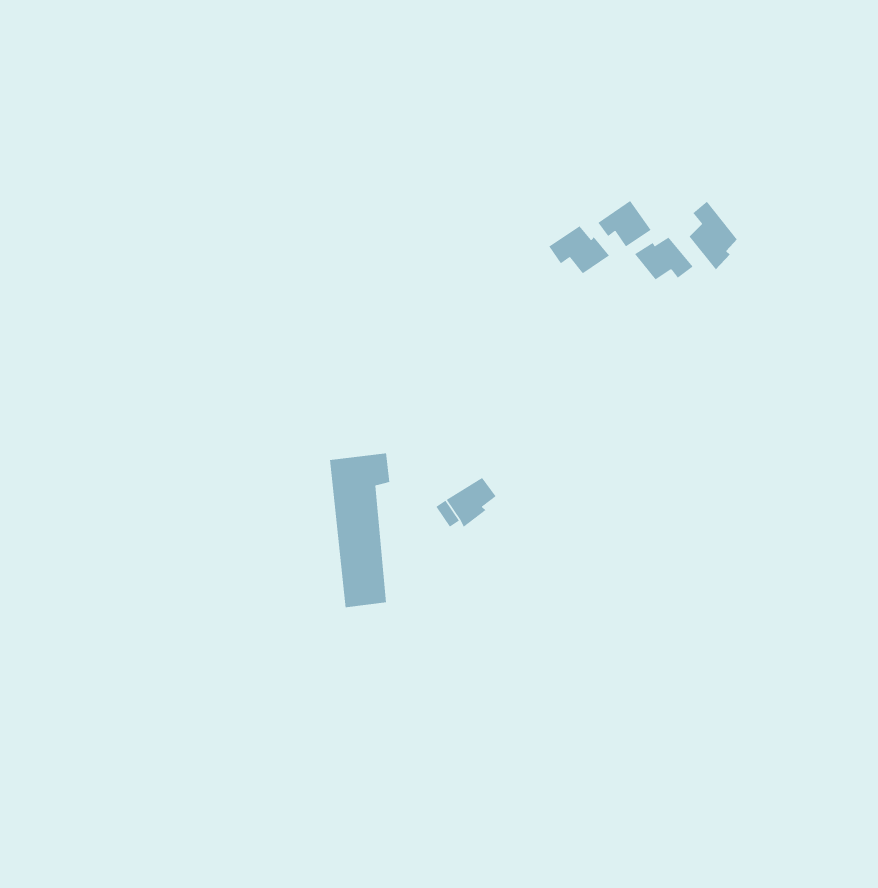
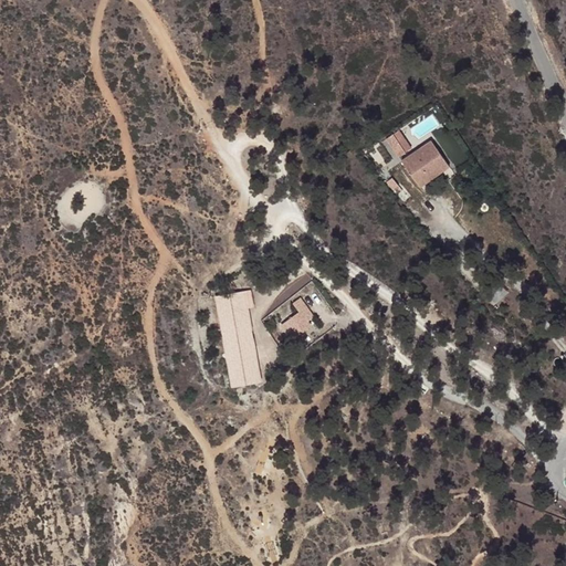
building: [689,201,737,270] -> none
building: [548,226,610,274] -> none

